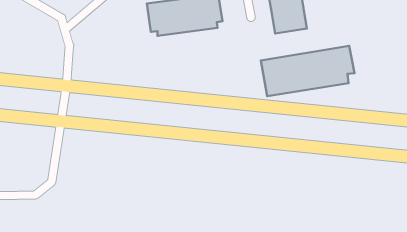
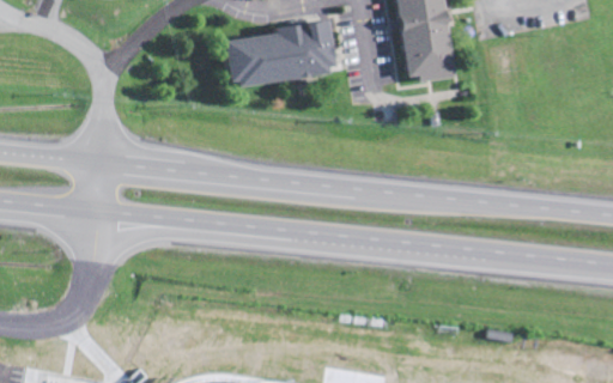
building: [261,46,354,96] -> none

